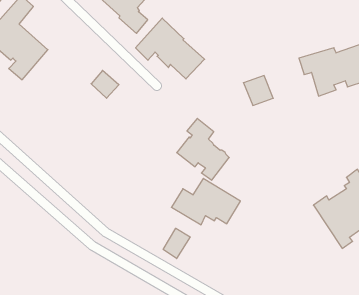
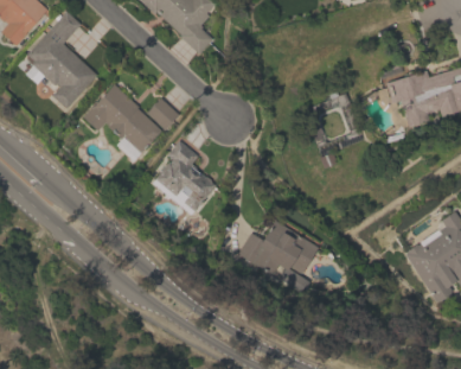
building: [136,18,205,79] -> [83,83,162,153]
building: [177,118,229,180] -> [155,140,216,211]
building: [163,228,190,259] -> none

